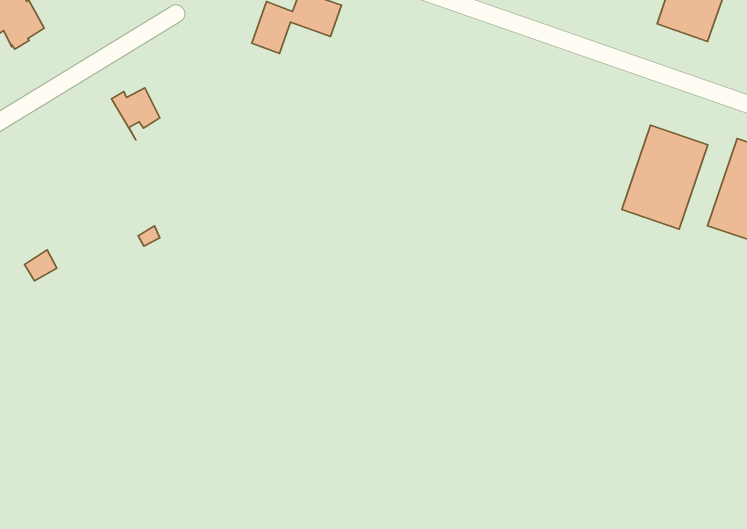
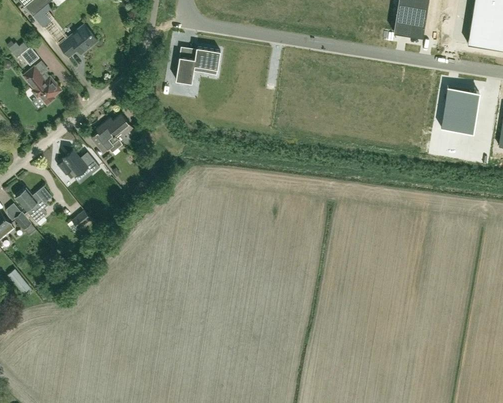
building: none -> [91,123,121,153]
building: [622,125,708,229] -> none
building: none -> [57,149,100,179]

